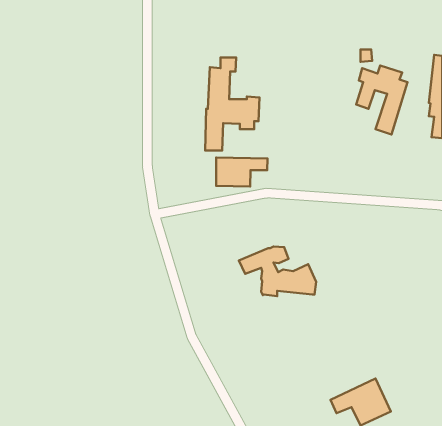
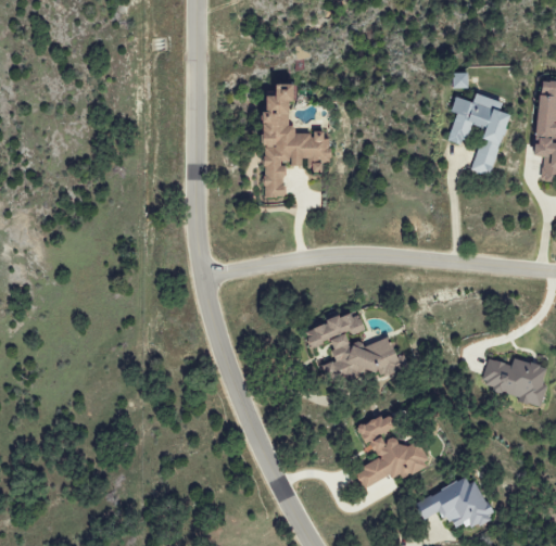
building: [216,157,267,186] -> none
building: none -> [480,358,547,401]
building: none -> [354,414,427,488]

